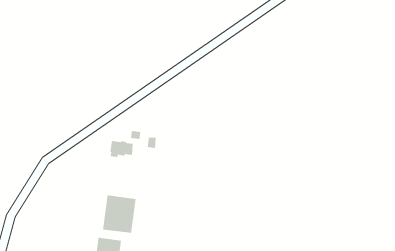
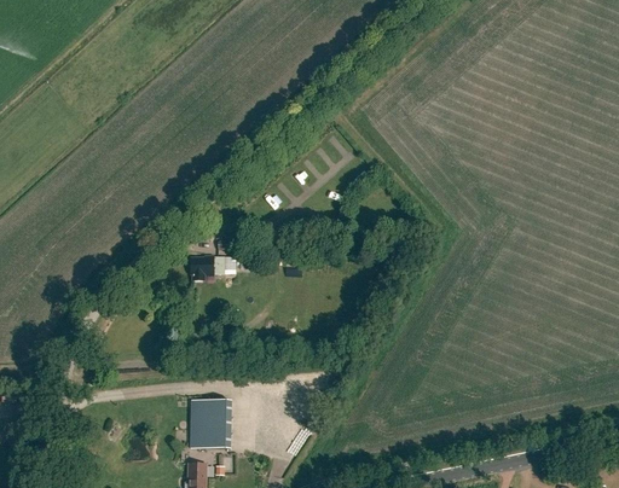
building: [102,194,136,233] -> none

